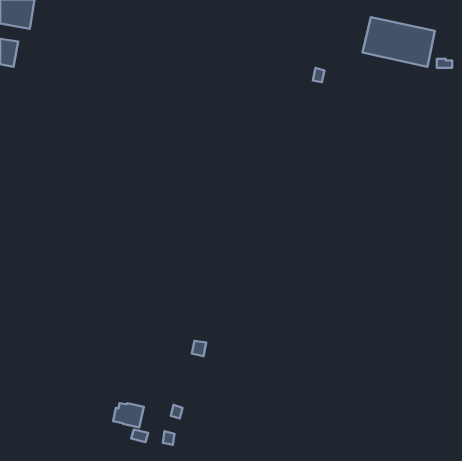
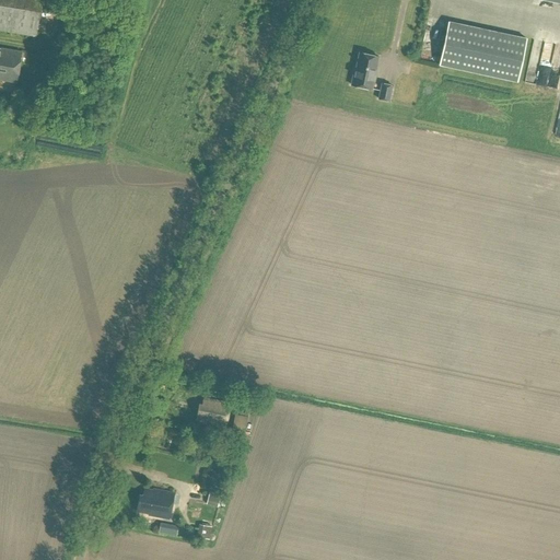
building: none -> [351,51,378,88]
building: none -> [196,396,231,427]

